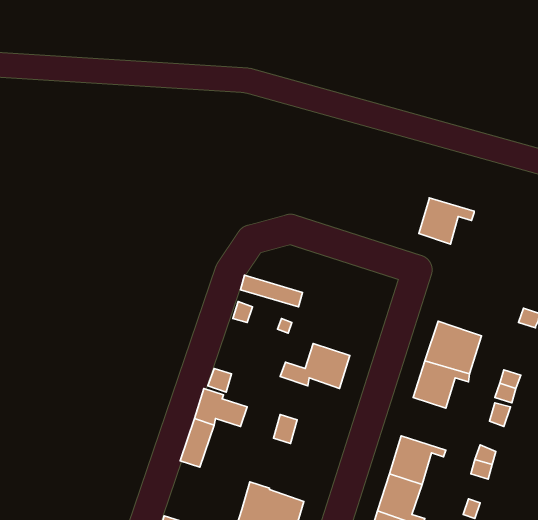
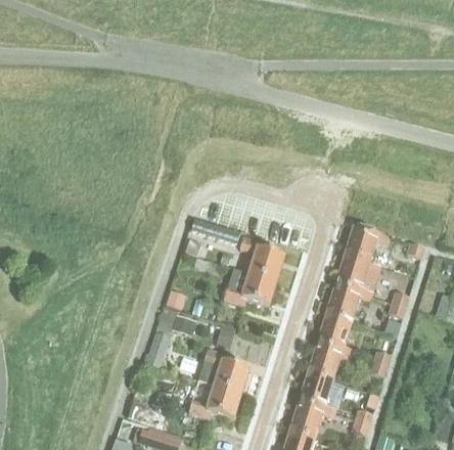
building: [419,198,474,244] -> [345,226,388,262]
building: none -> [239,235,284,280]
building: none -> [316,313,353,354]
building: none -> [198,349,248,394]

